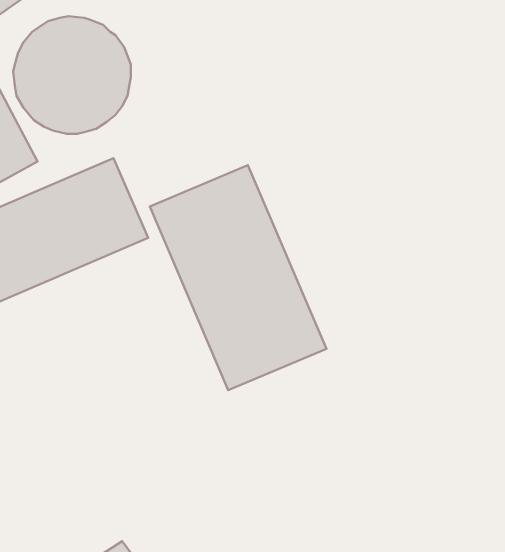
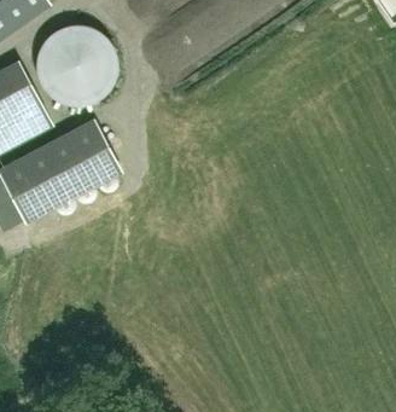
building: [150,165,326,390] -> none

